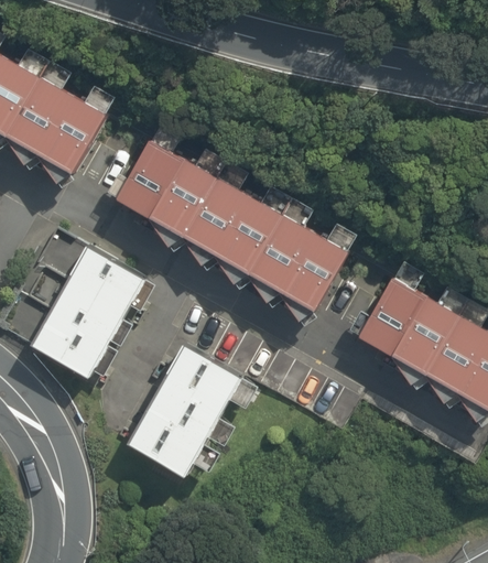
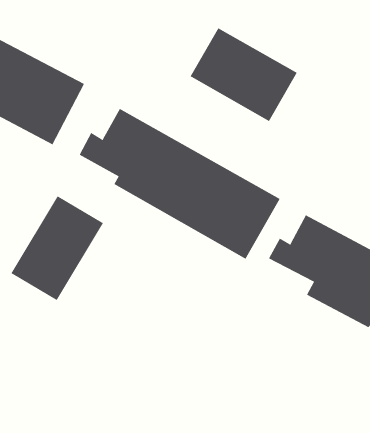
building: none -> [190,27,298,122]
building: [121,339,242,477] -> none

